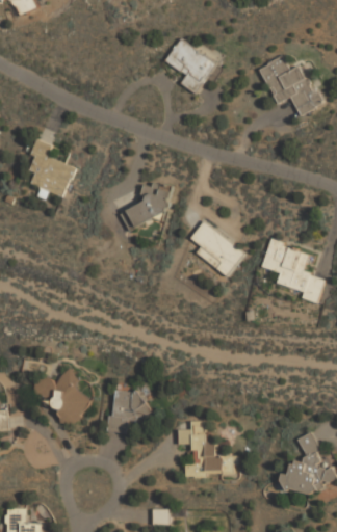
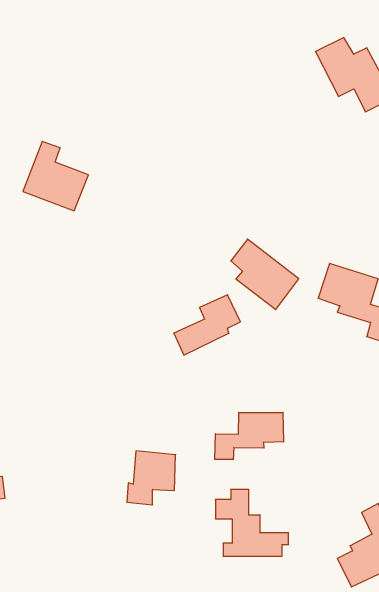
building: [165,38,216,94] -> none
building: [120,182,174,231] -> [174,295,240,355]
building: none -> [215,412,283,460]
building: [31,370,90,425] -> none

